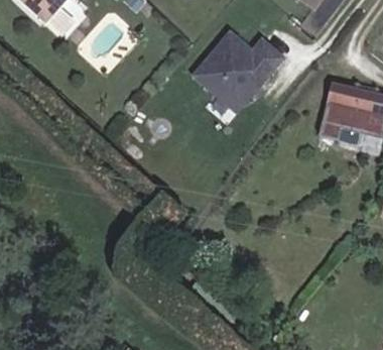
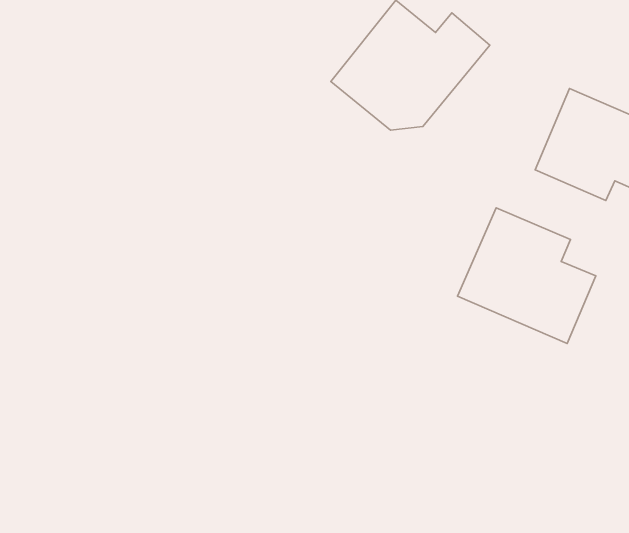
building: none -> [457,208,596,343]

